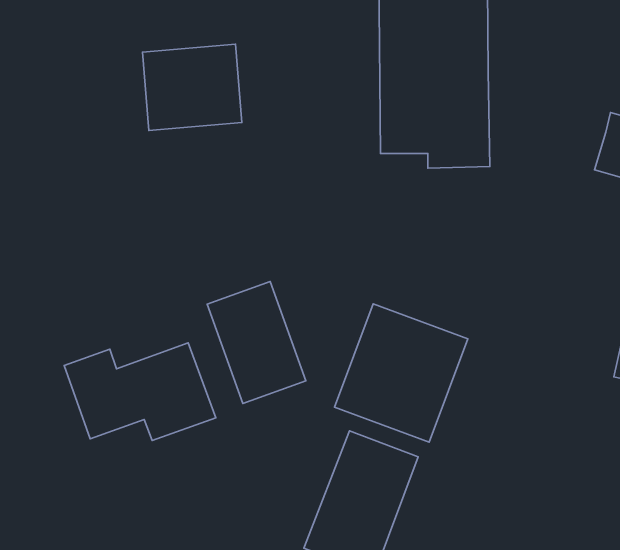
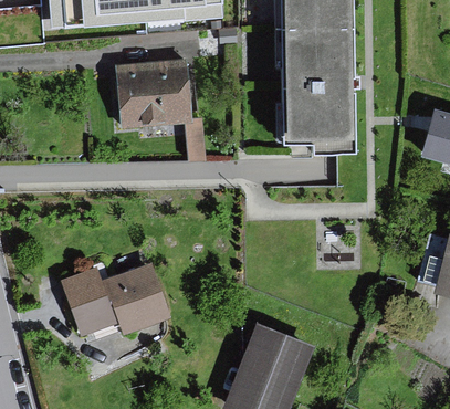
building: [207,281,306,404] -> none
building: [334,304,468,442] -> none

